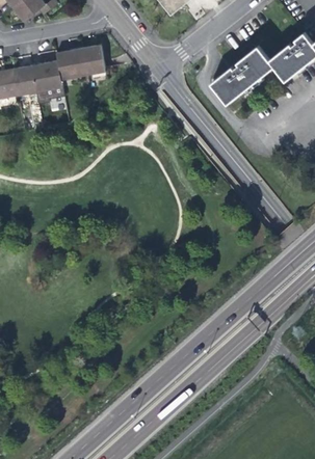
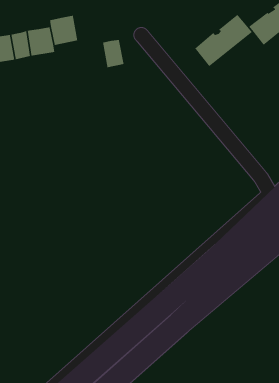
building: [80,44,104,75] -> [102,39,124,68]

